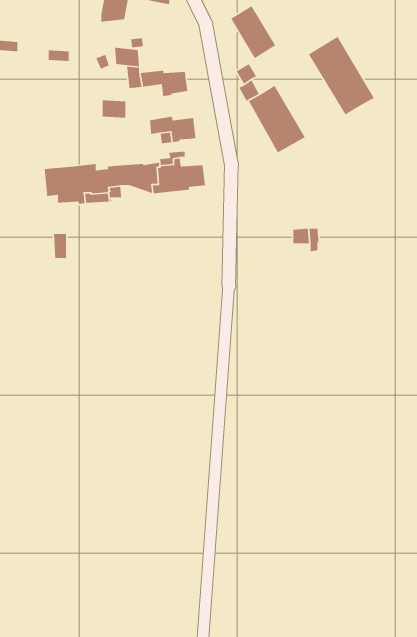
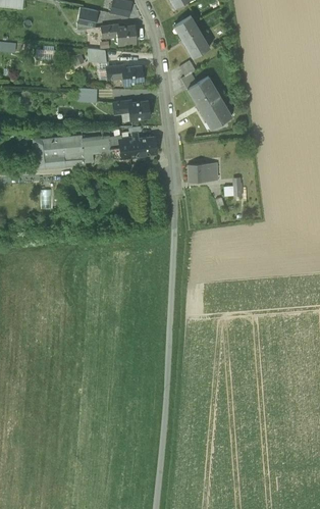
building: none -> [101,24,137,45]
building: [308,36,375,115] -> none
building: none -> [189,163,212,183]

